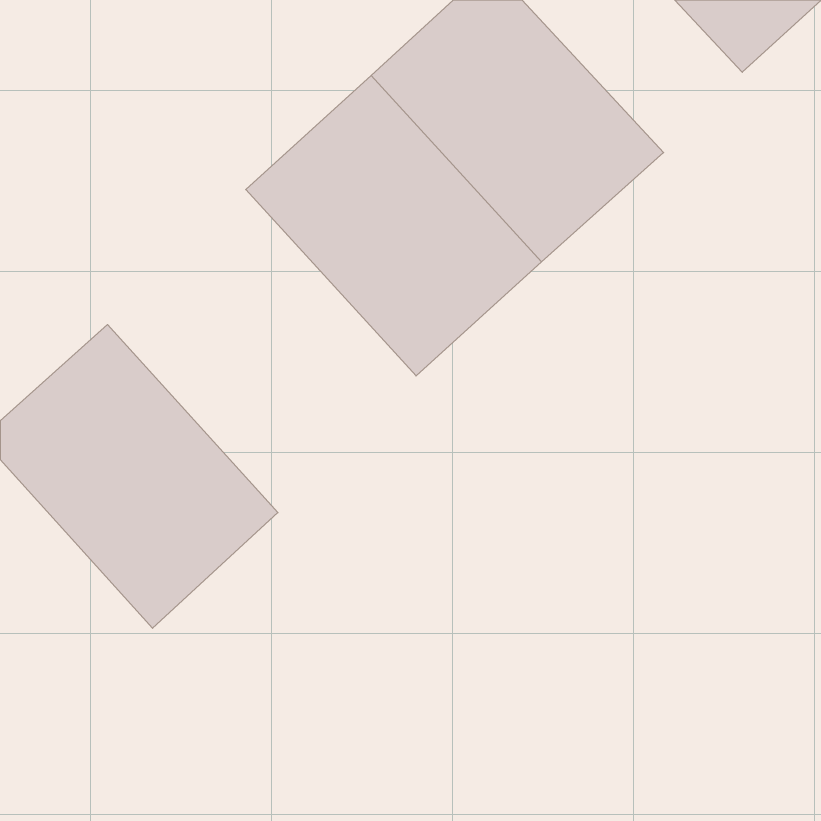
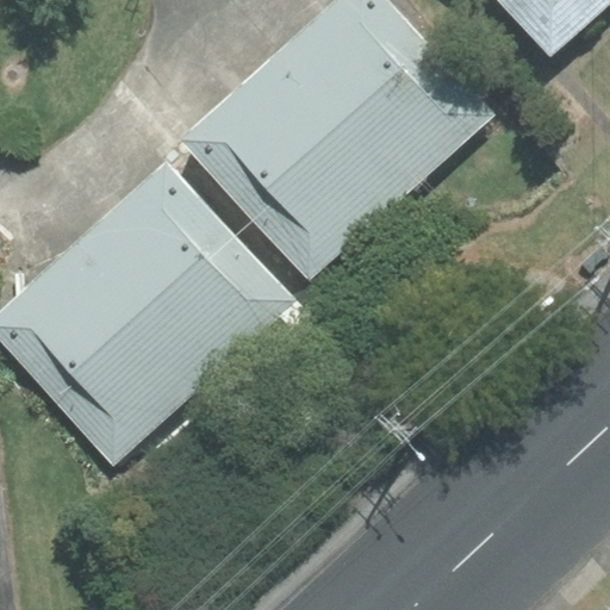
building: none -> [80,162,294,380]

